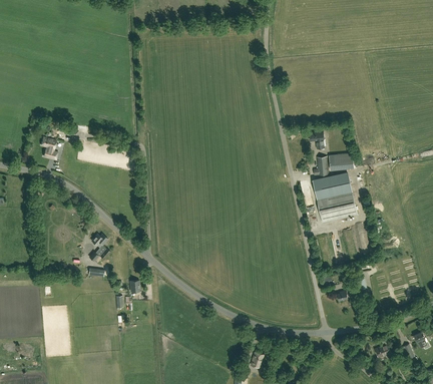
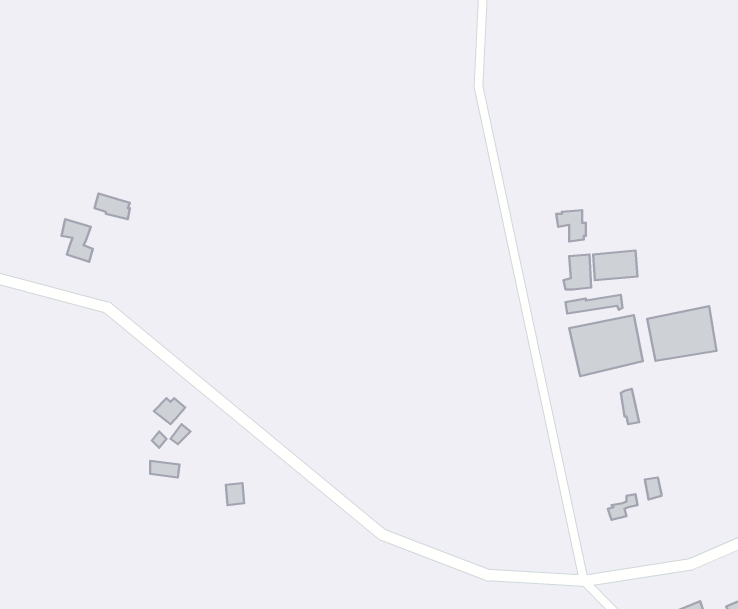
building: none -> [647,306,717,361]

